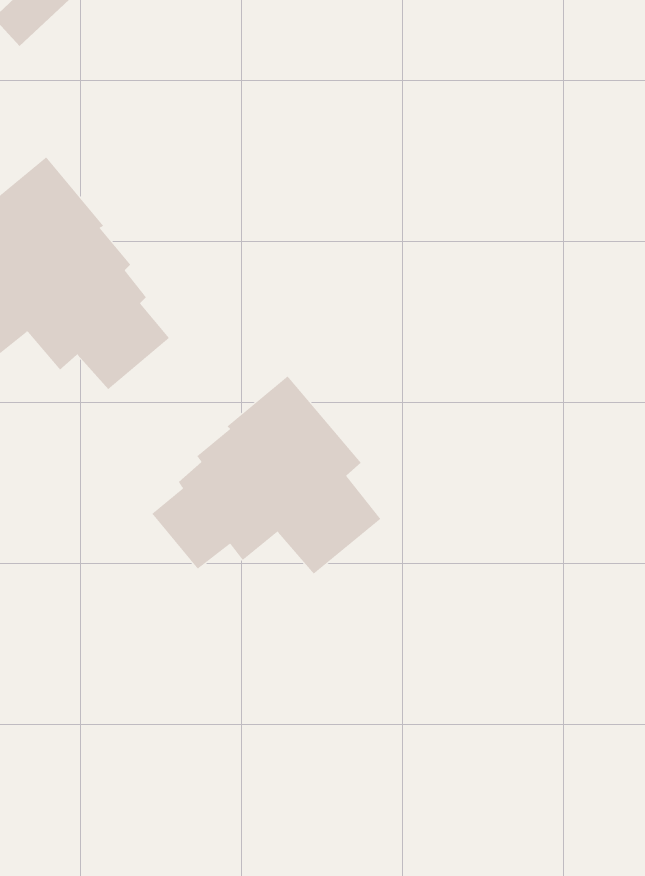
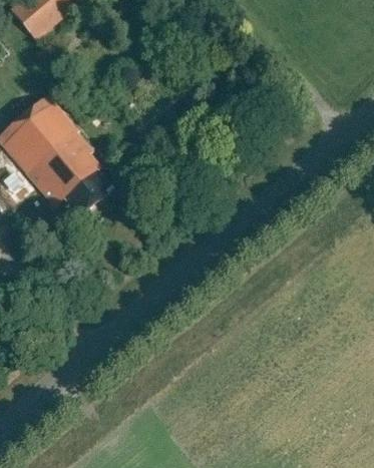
building: [152,375,381,574] -> none

